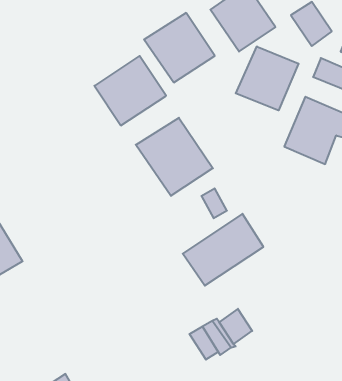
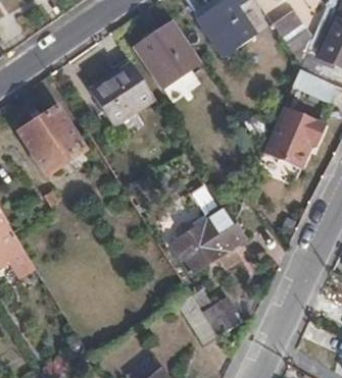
building: [236,46,299,110] -> none
building: none -> [19,108,82,170]
building: [136,118,213,196] -> none

